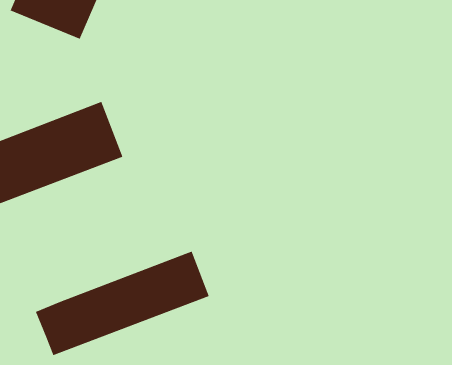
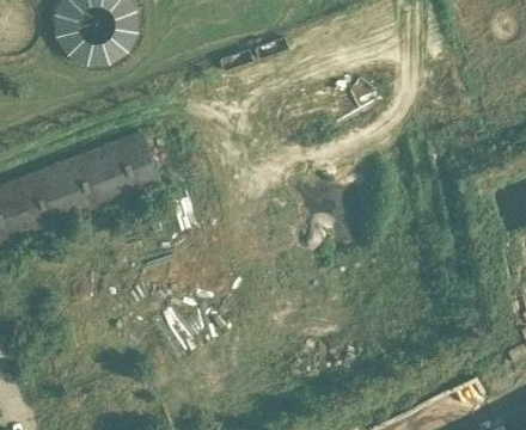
building: [35,251,210,356] -> none

